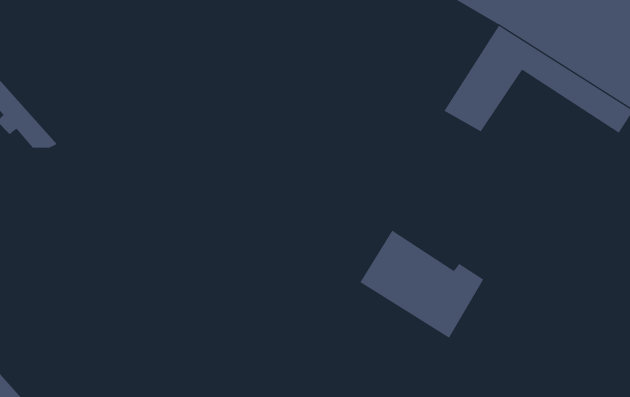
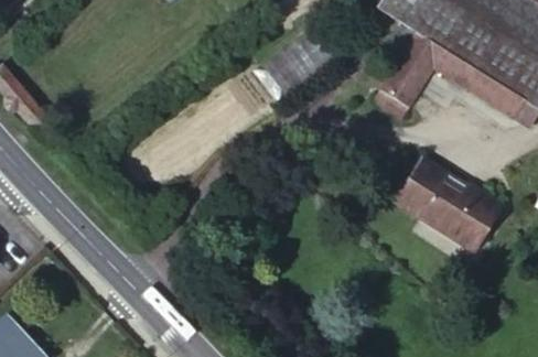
building: [360,230,484,338] -> [400,161,503,250]

